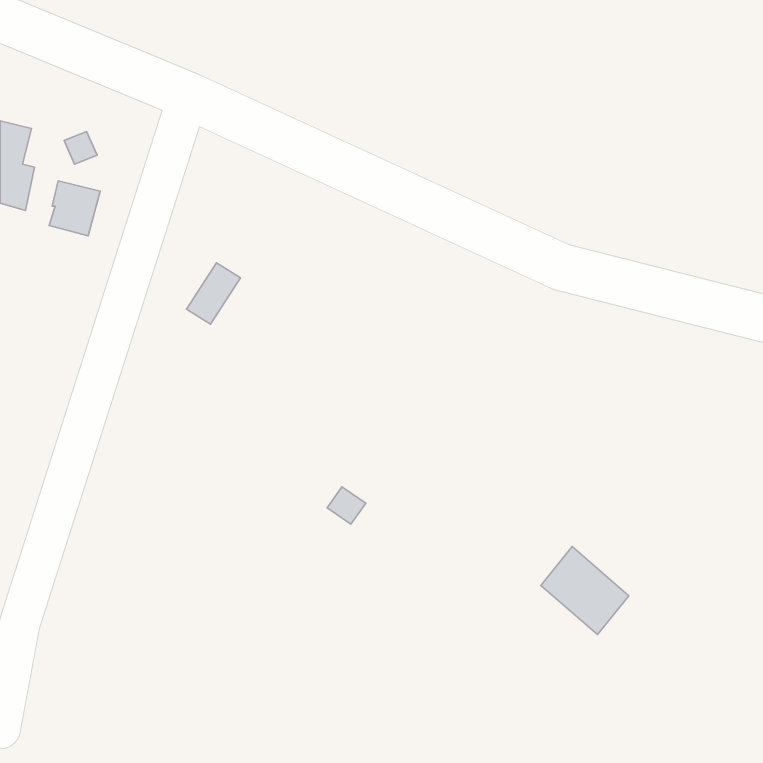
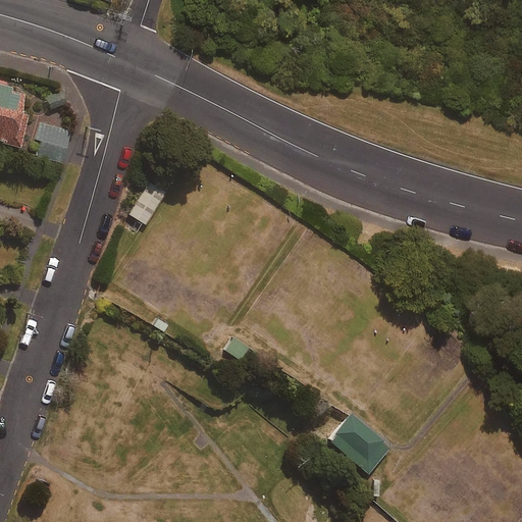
building: [541,547,629,635] -> [330,415,390,475]

